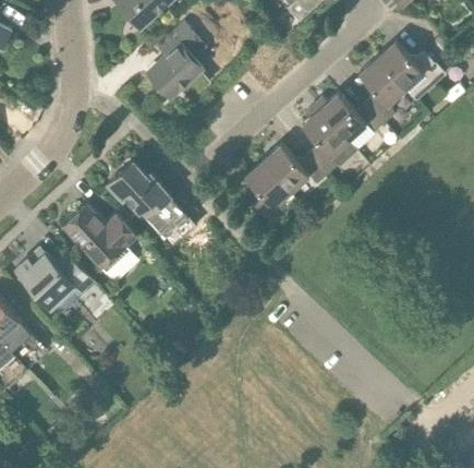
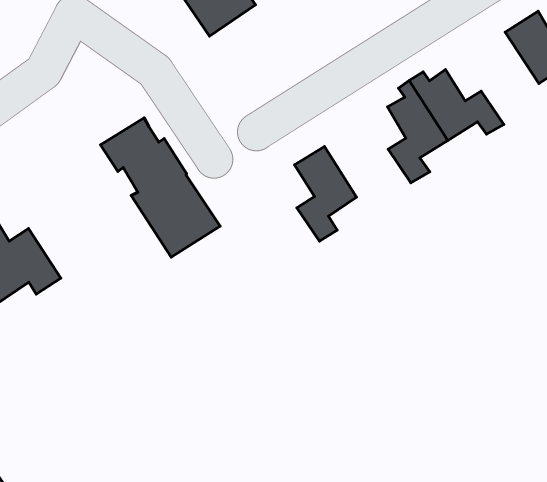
building: [358,60,404,124] -> none
building: [263,145,327,192] -> none
building: [62,204,137,275] -> none

